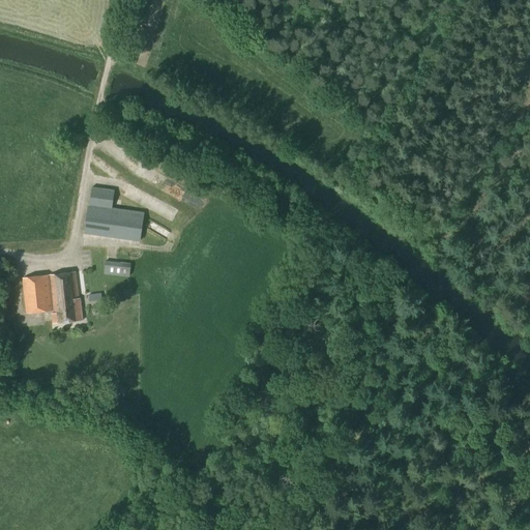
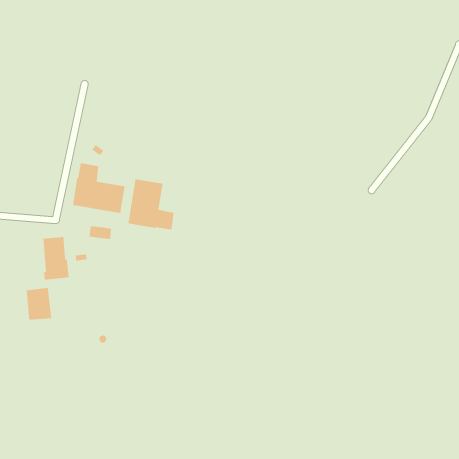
building: none -> [127,178,175,230]
building: [21,273,51,312] -> [26,287,52,321]

